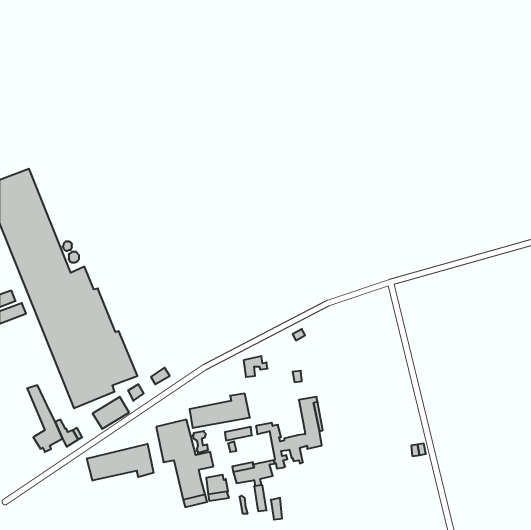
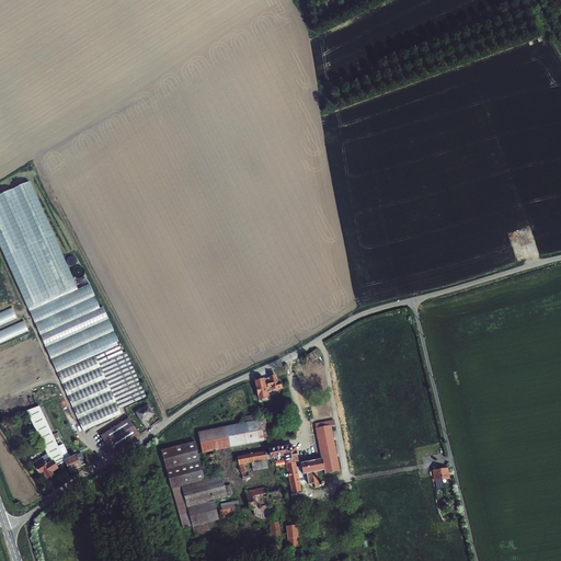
building: [87,444,154,481] -> none

